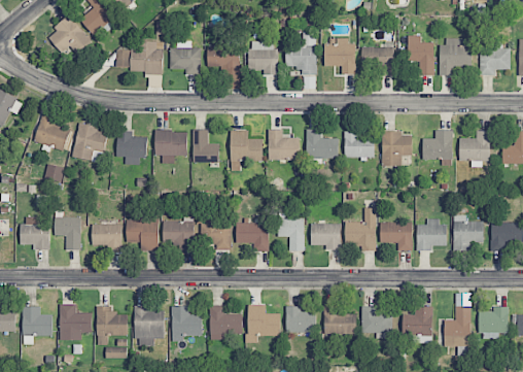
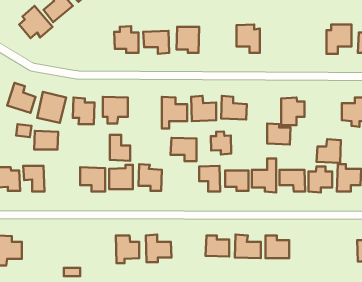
building: [286,33,317,74] -> none
building: [408,35,434,75] -> none
building: [116,41,164,73] -> none
building: [361,47,394,76] -> none
building: [194,130,219,163] -> [110,135,130,161]
building: [422,130,453,160] -> [317,139,341,163]
building: [345,131,375,158] -> [267,123,291,144]
building: none -> [211,132,231,154]
building: [236,222,269,251] -> [171,138,197,161]
building: [92,224,123,247] -> [34,131,58,150]
building: [444,293,470,346] -> none
building: [60,304,92,340] -> none
building: [135,305,165,346] -> none
building: [247,305,280,343] -> none
building: [97,306,128,336] -> none
building: [402,306,432,343] -> none

